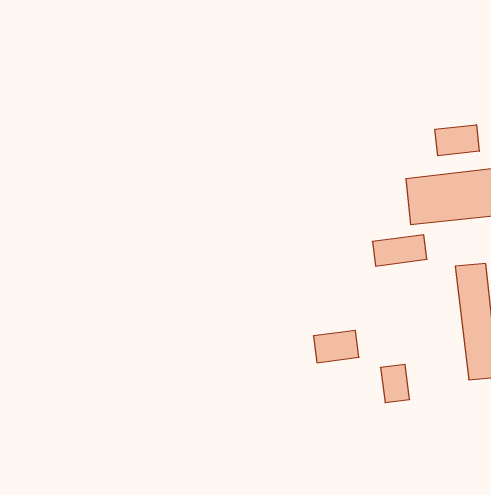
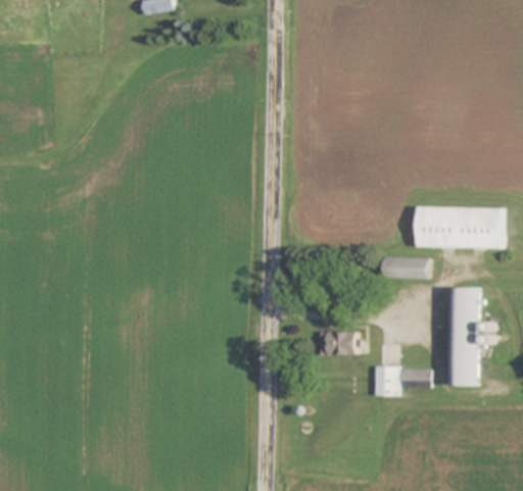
building: [435,125,479,156] -> none
building: none -> [400,369,429,388]

